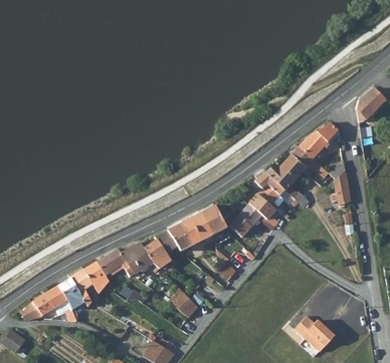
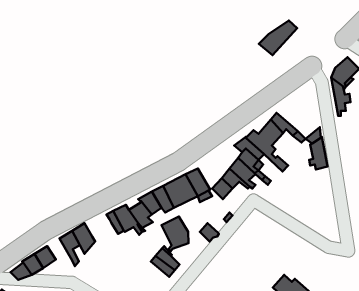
building: [299,122,339,158] -> [259,21,297,55]
building: [98,249,126,276] -> none
building: none -> [162,217,188,252]
building: [58,278,84,310] -> none

